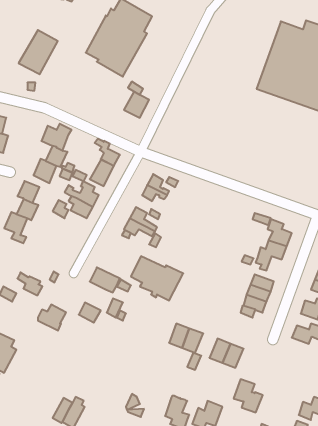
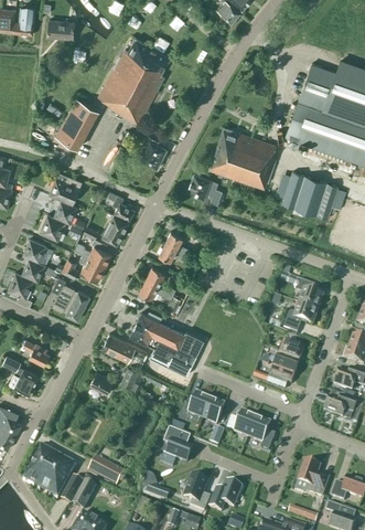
building: [19,30,58,74] -> [55,98,98,147]
building: none -> [208,127,276,189]
building: none -> [282,171,337,219]
building: none -> [186,173,222,204]
building: none -> [52,277,89,320]
building: none -> [129,312,158,343]
building: [38,305,66,331] -> [10,369,41,398]
building: none -> [163,428,192,463]
building: none -> [22,446,75,499]
building: [234,379,263,412] -> [297,460,329,497]
building: none -> [87,457,125,487]

